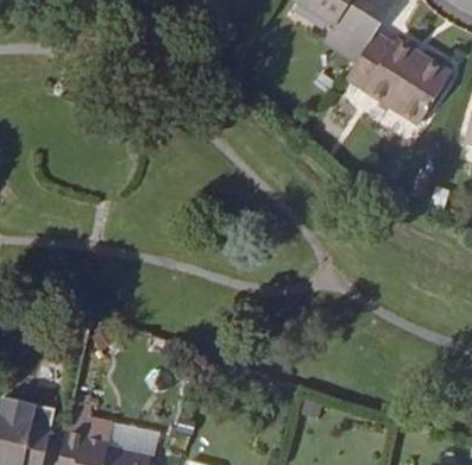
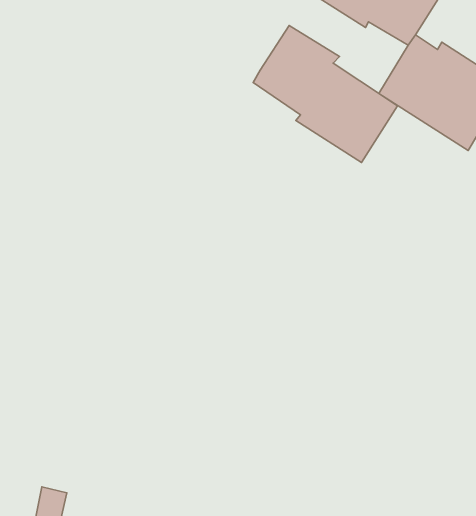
building: none -> [253,26,398,163]

